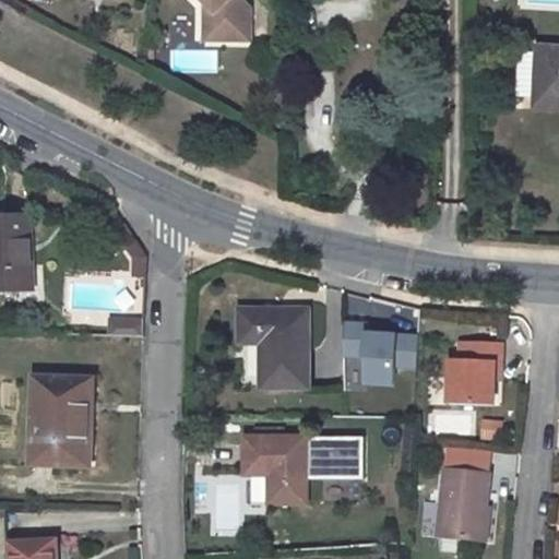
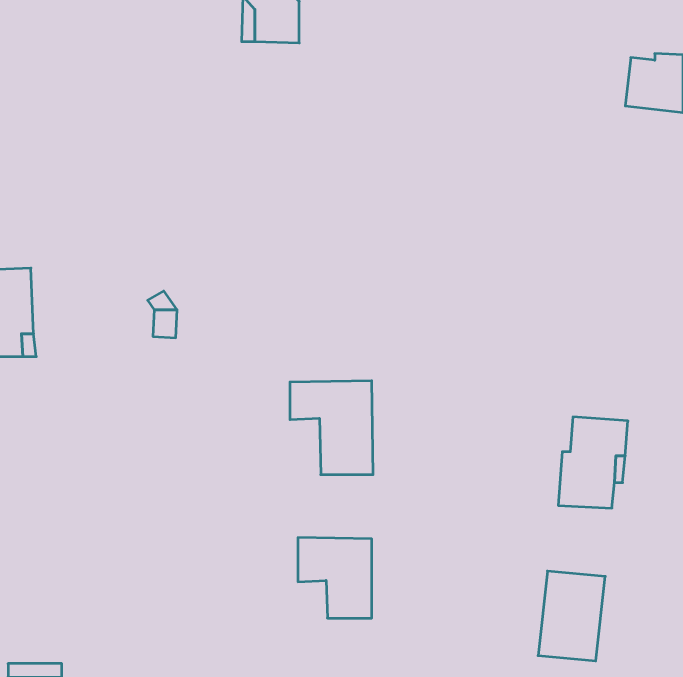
building: [347,322,423,382] -> none
building: [29,373,88,462] -> none
building: [302,439,359,480] -> none
building: [445,442,495,469] -> none

